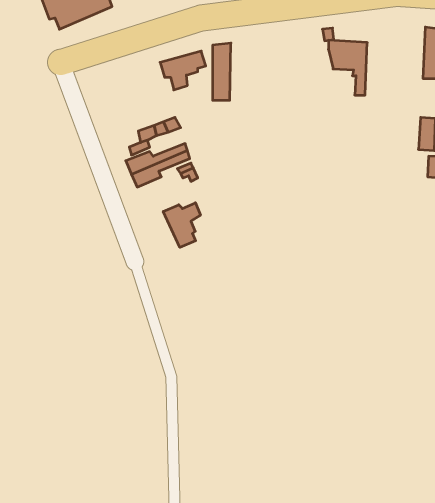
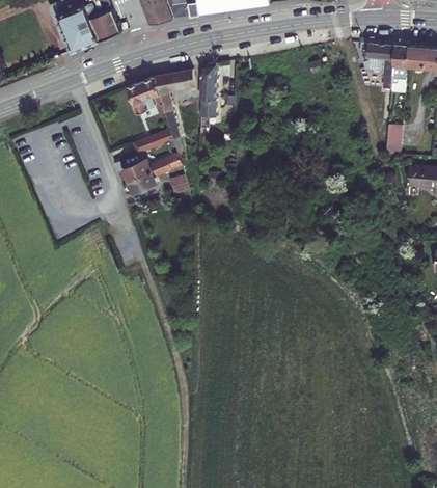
building: [328,40,367,95] -> [367,46,403,96]
building: none -> [132,75,171,114]
building: [163,203,200,247] -> none

